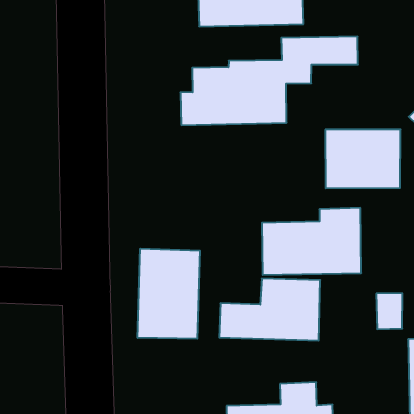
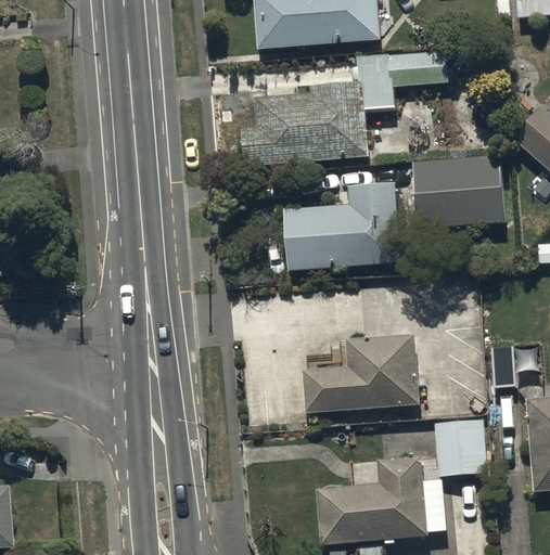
building: [262,208,361,275] -> [282,184,401,269]
building: [138,249,200,339] -> none
building: none -> [434,420,486,477]

